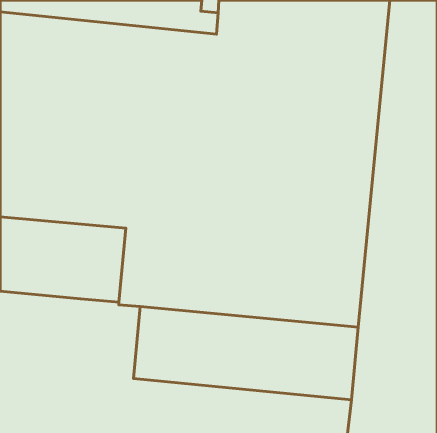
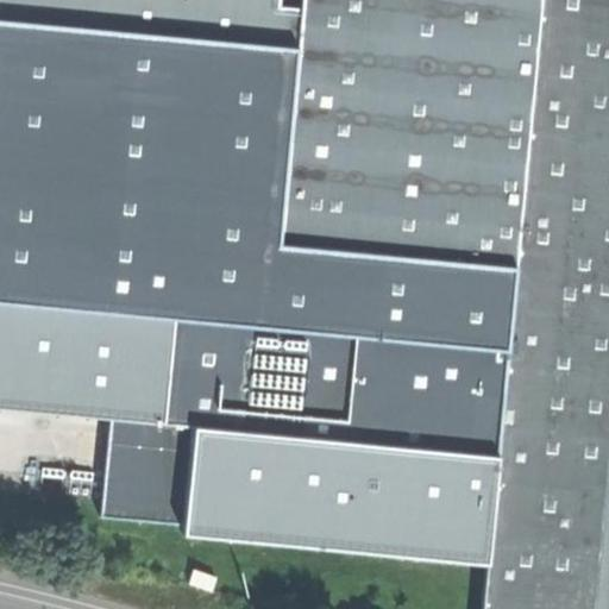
building: none -> [102,421,195,532]

